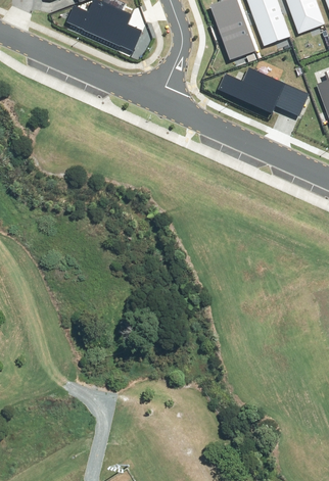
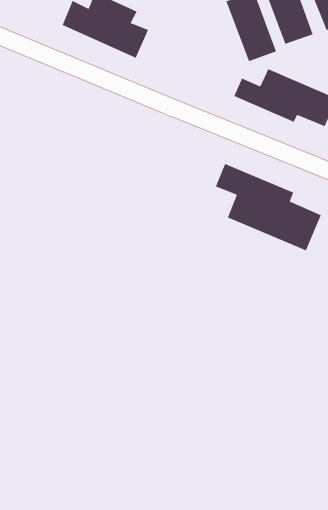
building: none -> [215,163,321,251]

